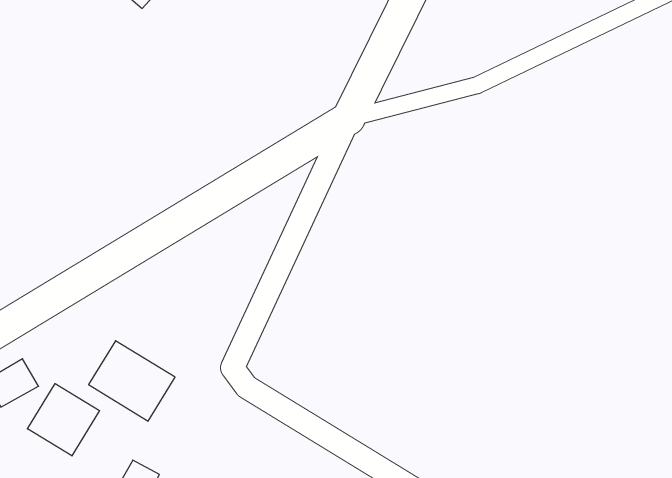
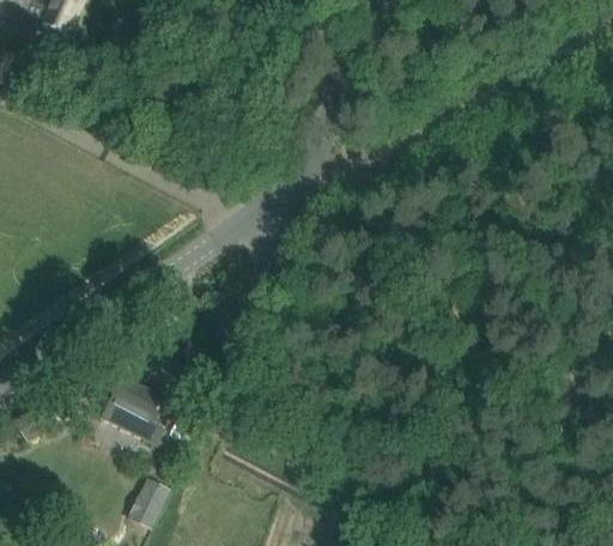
building: [27,384,100,456] -> none

